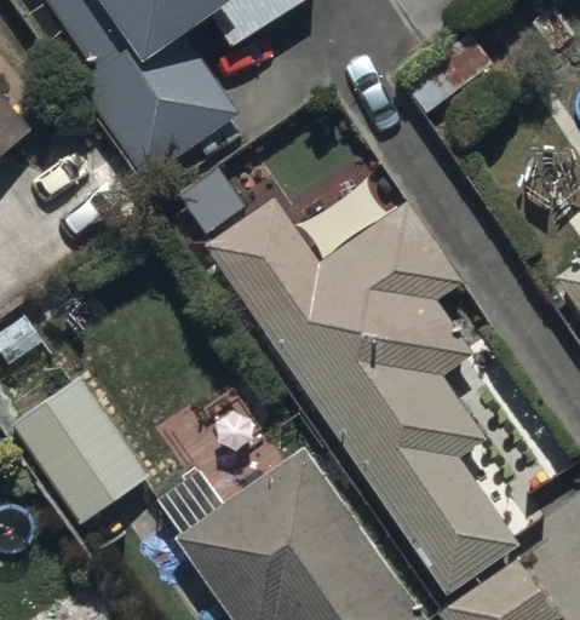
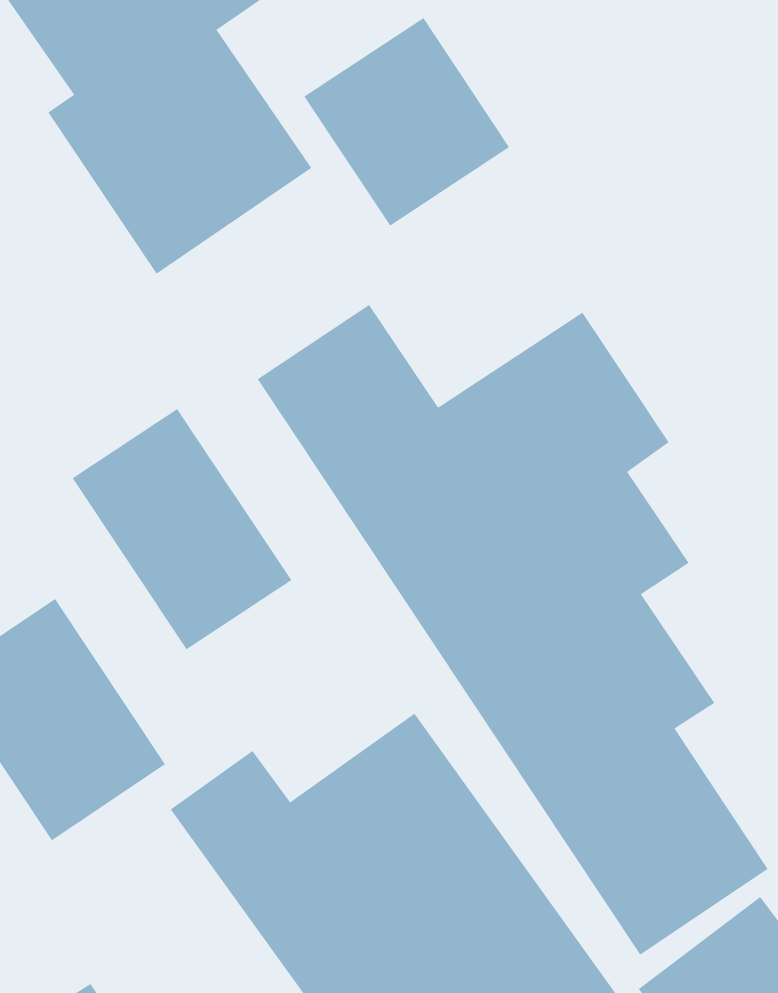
building: none -> [304,17,510,226]
building: none -> [72,408,292,650]

